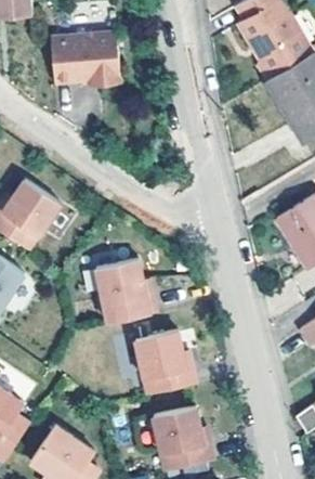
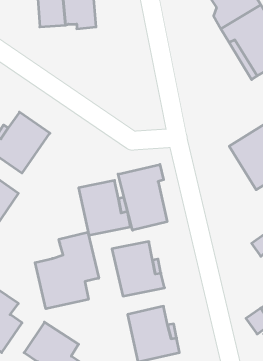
building: none -> [118,164,167,230]
building: none -> [35,232,99,309]

